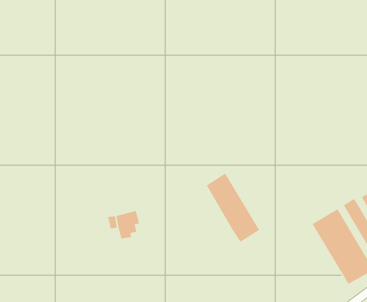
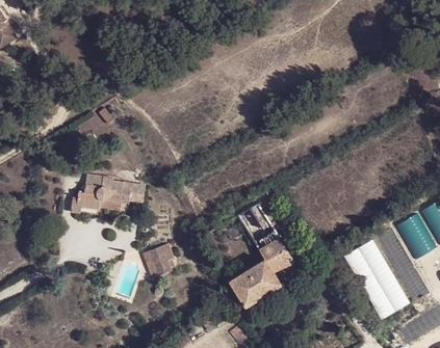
building: none -> [78,179,134,214]
building: none -> [231,262,280,306]

